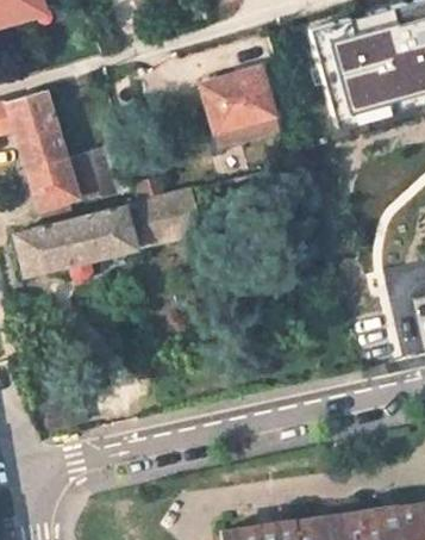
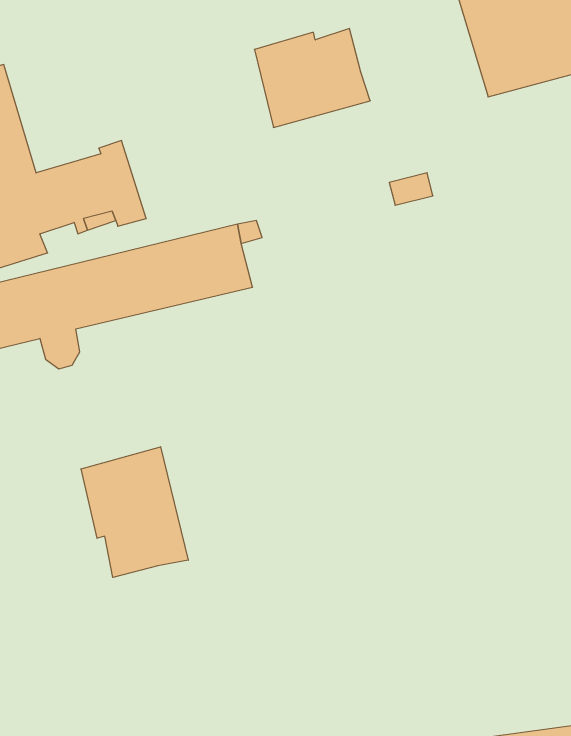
building: [212,94,285,147] -> none
building: none -> [81,447,188,577]

